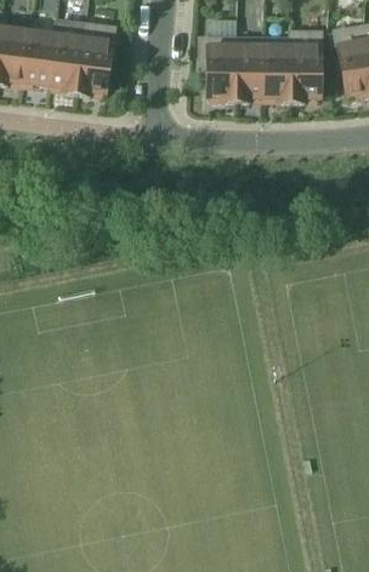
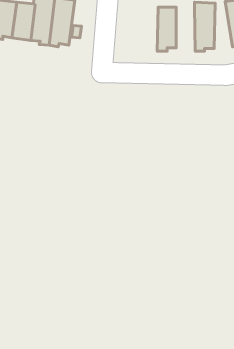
building: [200,39,237,103] -> none
building: [263,39,291,103] -> none

